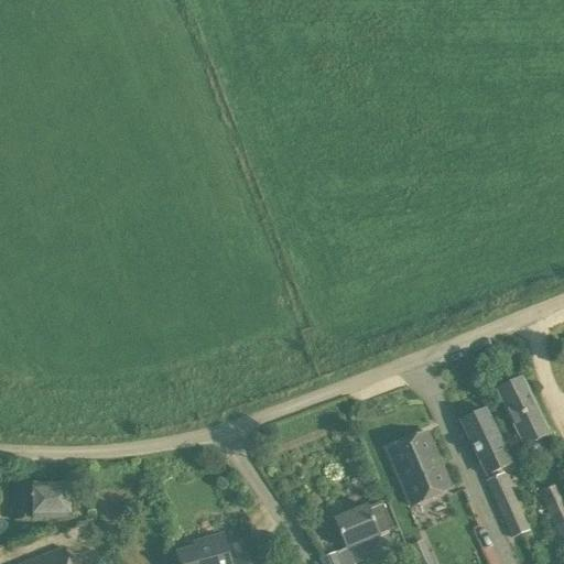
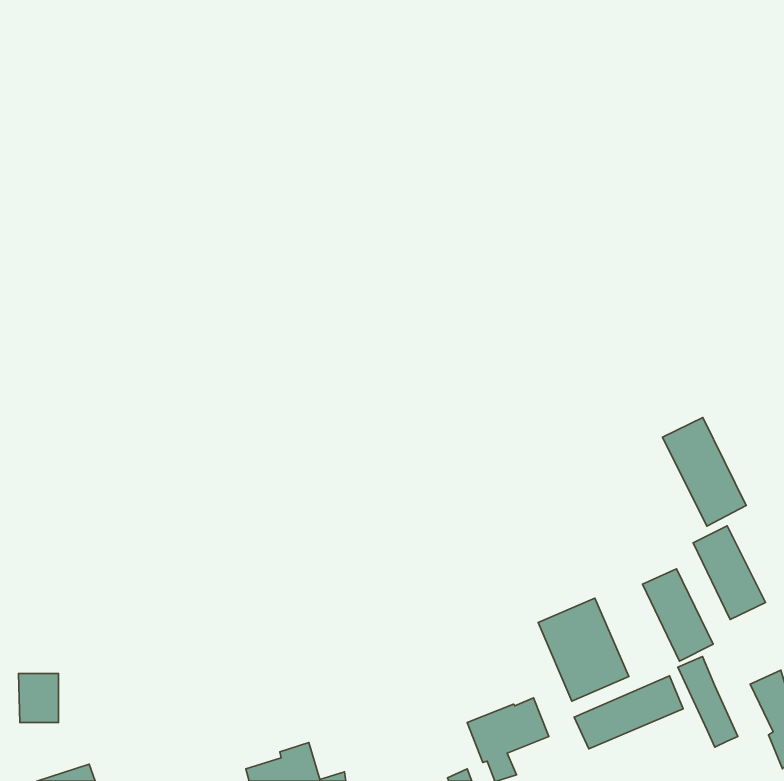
building: none -> [662,418,746,526]
building: [43,482,72,518] -> none
building: none -> [574,676,683,749]

